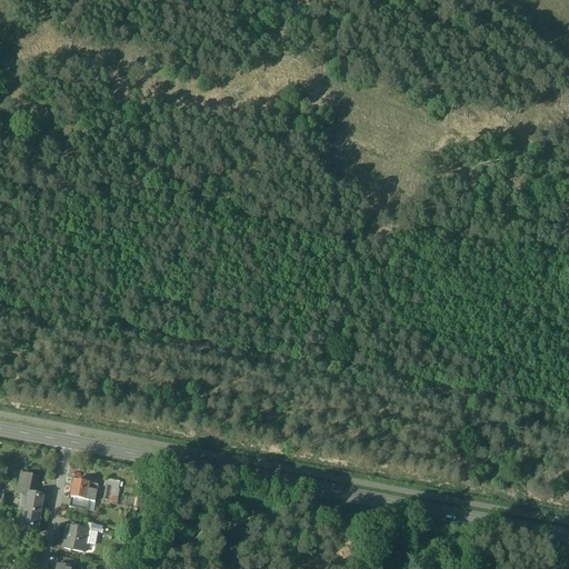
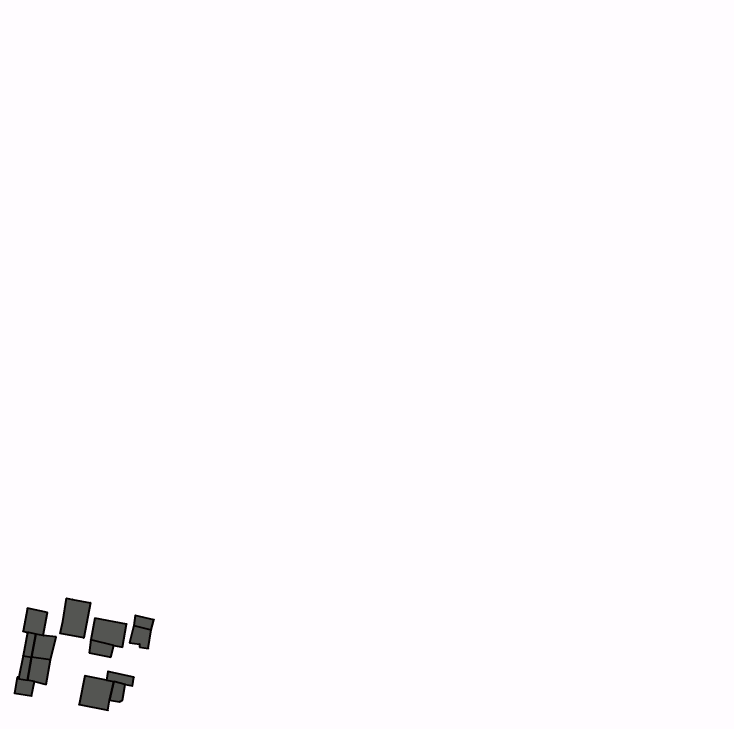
building: none -> [60,598,90,638]

